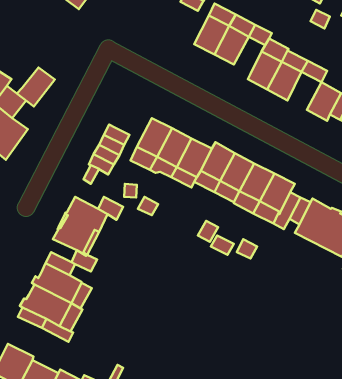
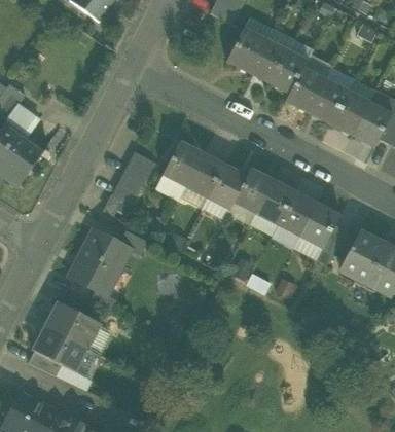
building: none -> [272,50,307,92]
building: [17,67,55,106] -> none
building: none -> [331,89,369,132]

